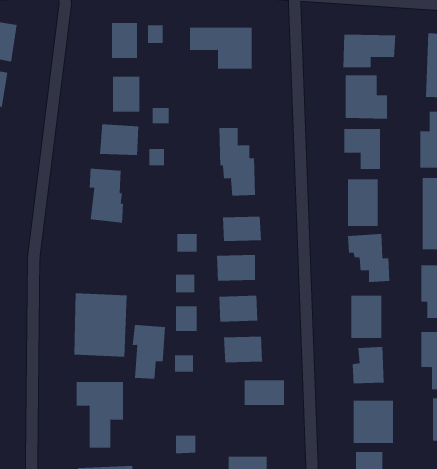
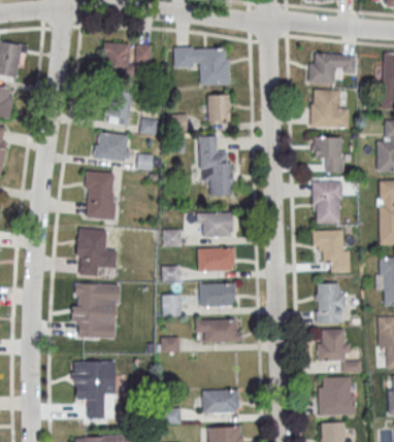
building: none -> [206,95,230,122]
building: [132,325,166,379] -> [76,229,106,277]
building: [244,380,285,405] -> [202,390,238,413]

